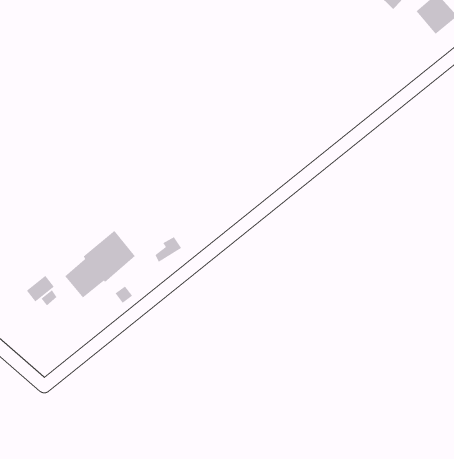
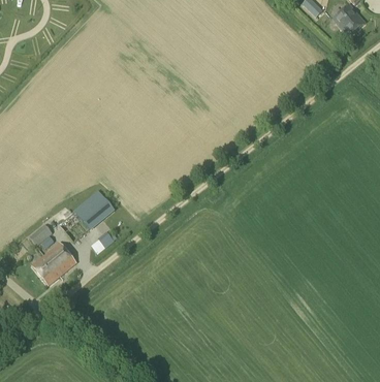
building: none -> [32,243,76,285]

